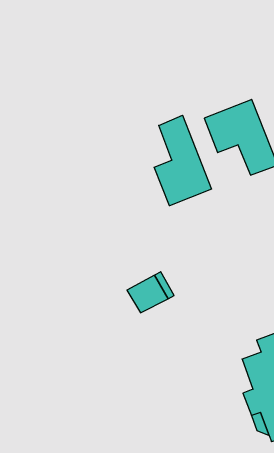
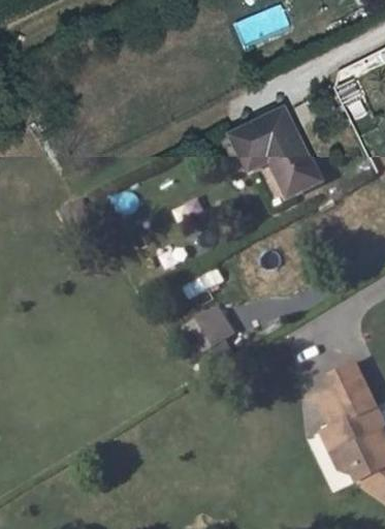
building: [154,115,212,206] -> none

